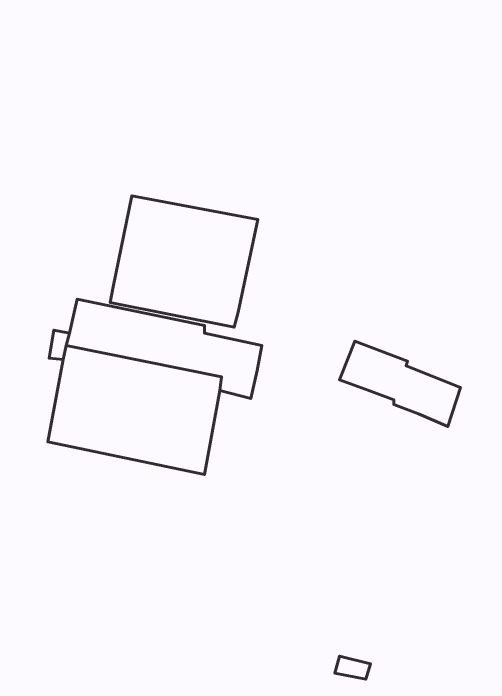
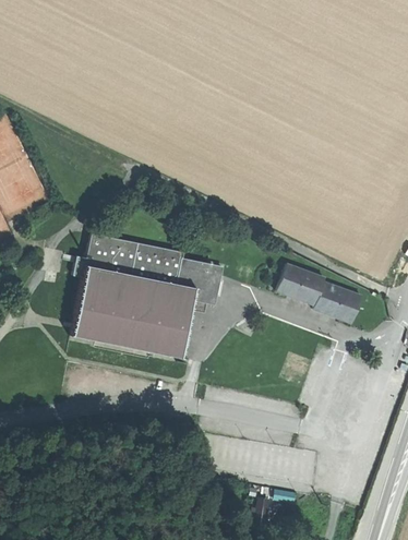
building: [110,196,258,327] -> none

